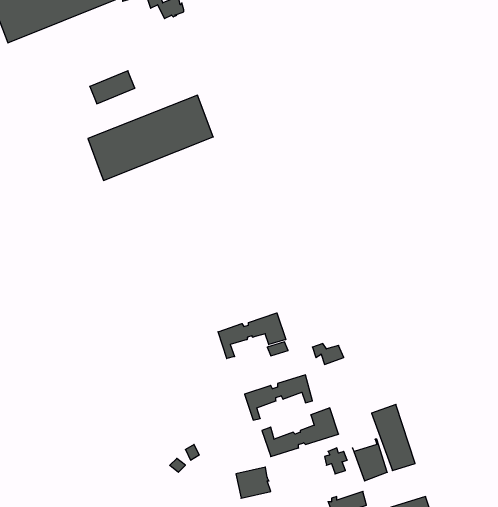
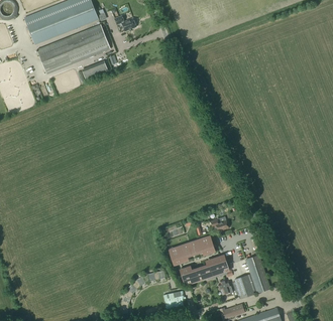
building: [88,95,213,180] -> [37,24,110,73]
building: [218,313,286,359] -> none

